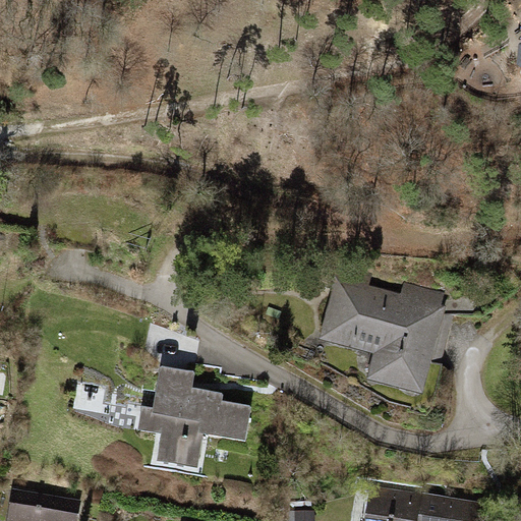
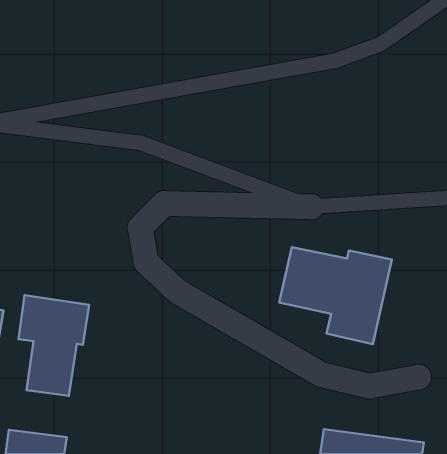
building: none -> [18,295,89,396]
building: [149,370,250,468] -> none

